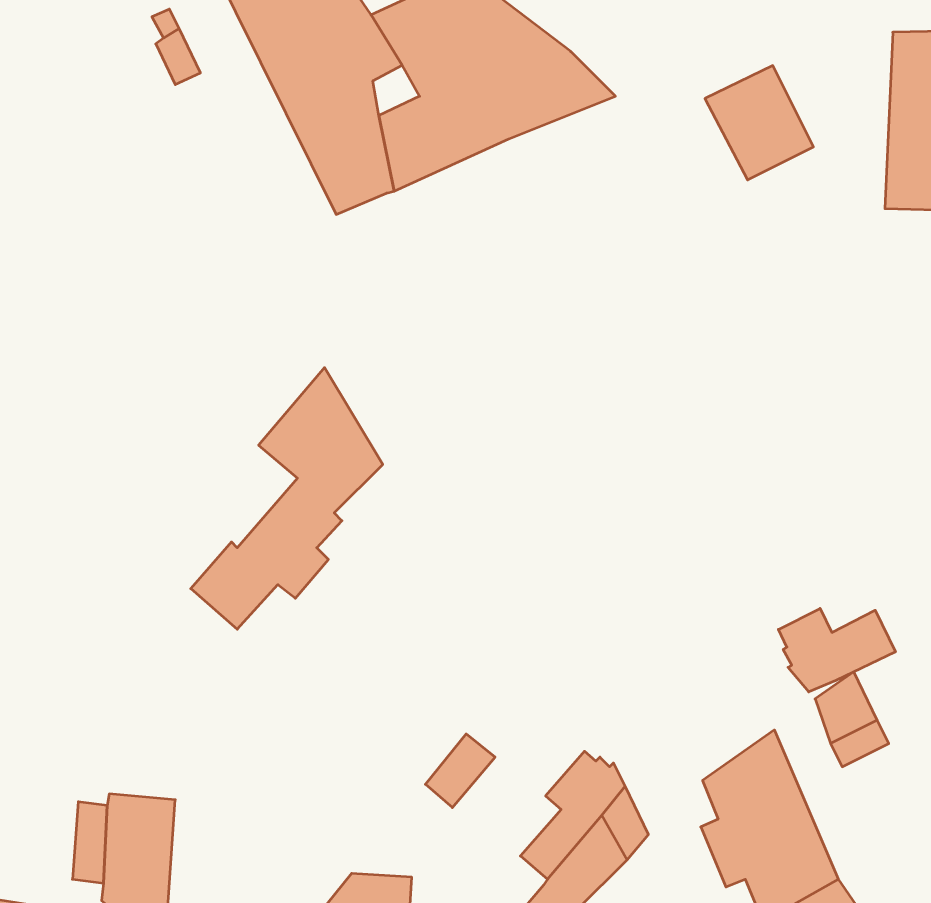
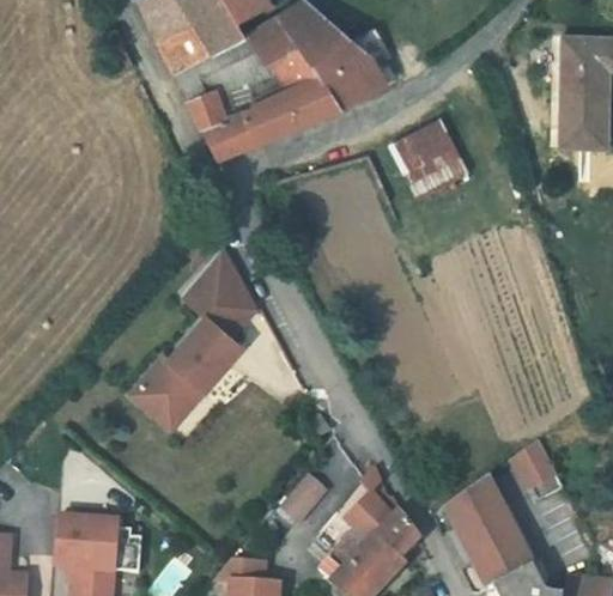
building: [705,66,813,180] -> [405,132,472,202]
building: none -> [125,384,198,430]
building: [778,608,895,692] -> none

